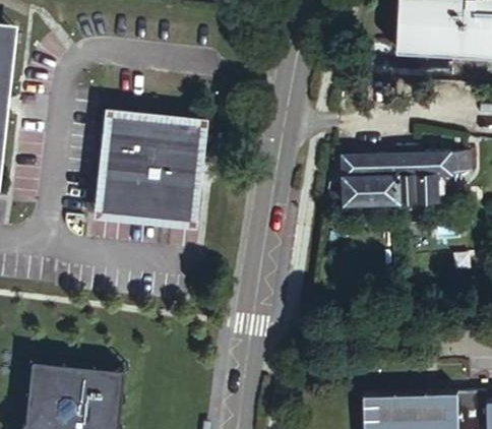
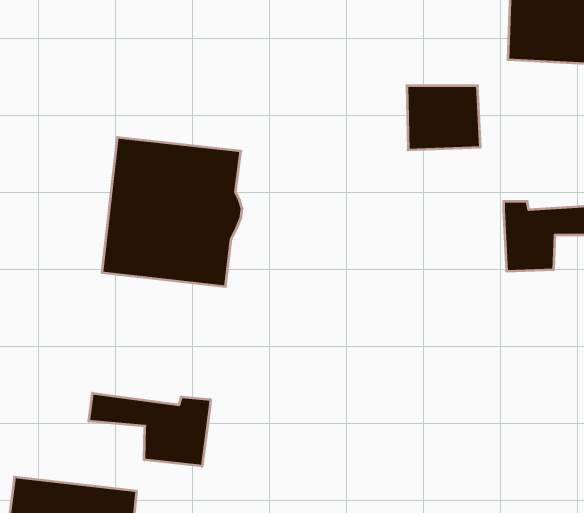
building: [341,164,394,210] -> [407,86,480,150]
building: none -> [89,393,210,466]

